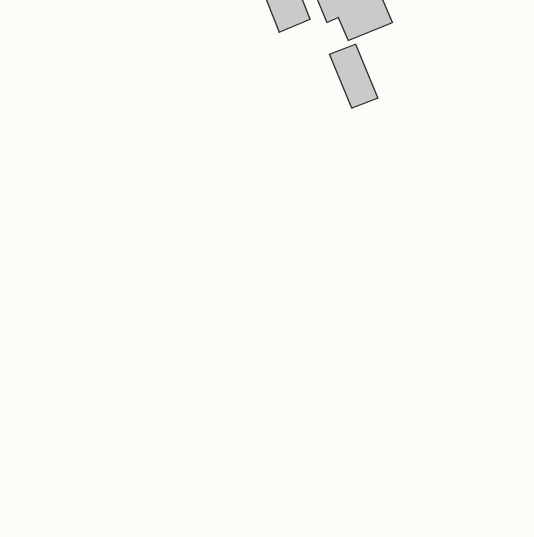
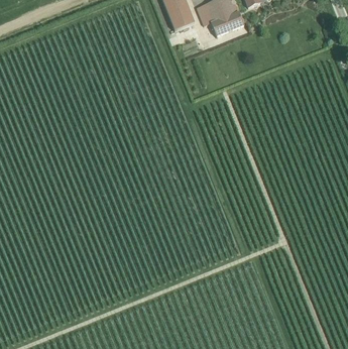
building: [330,44,378,108] -> none

